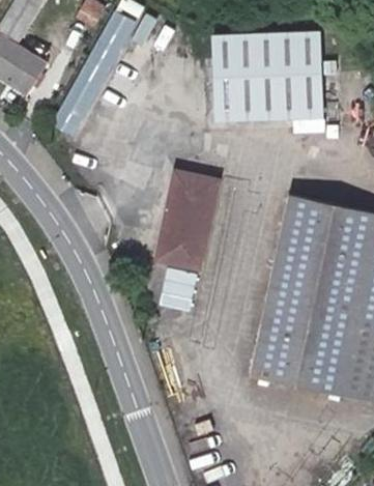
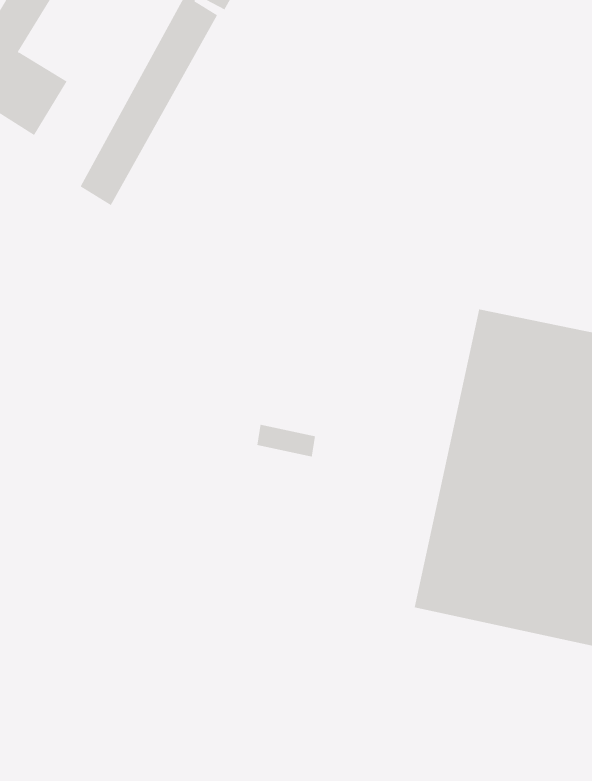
building: [213,34,323,119] -> none
building: [155,171,218,268] -> none

